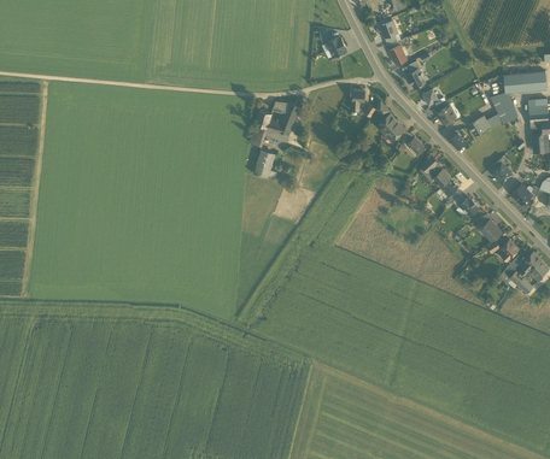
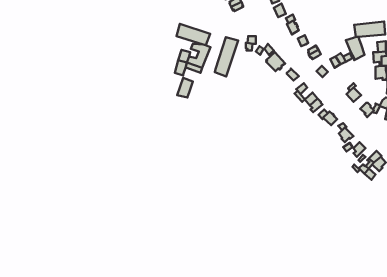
building: none -> [176,24,210,45]
building: none -> [215,37,238,76]

